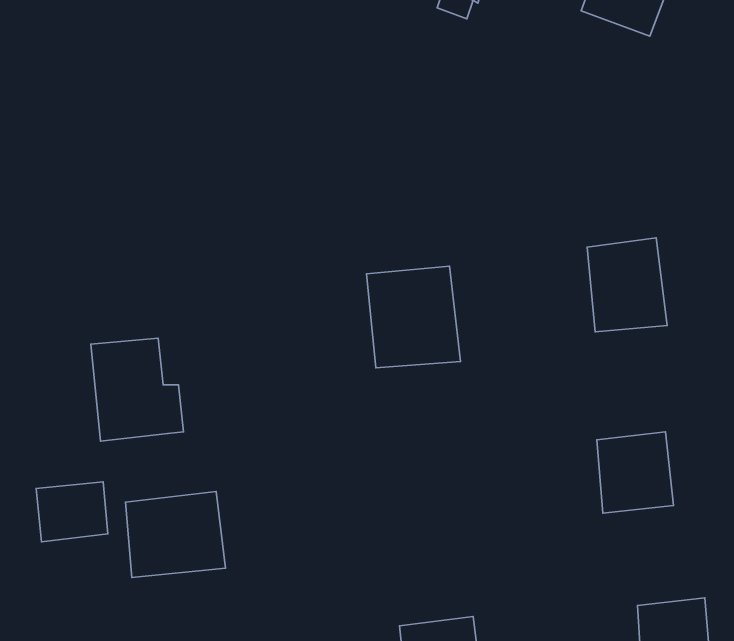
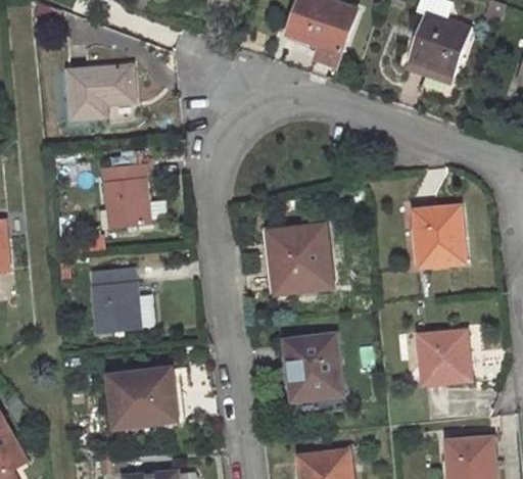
building: none -> [65,66,134,122]
building: none -> [97,166,163,230]
building: none -> [284,336,340,400]
building: [36,482,108,542] -> none

